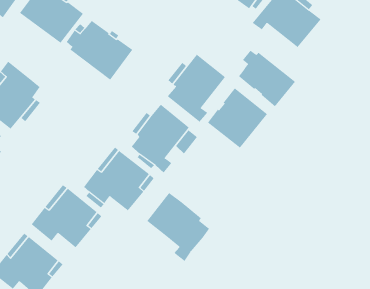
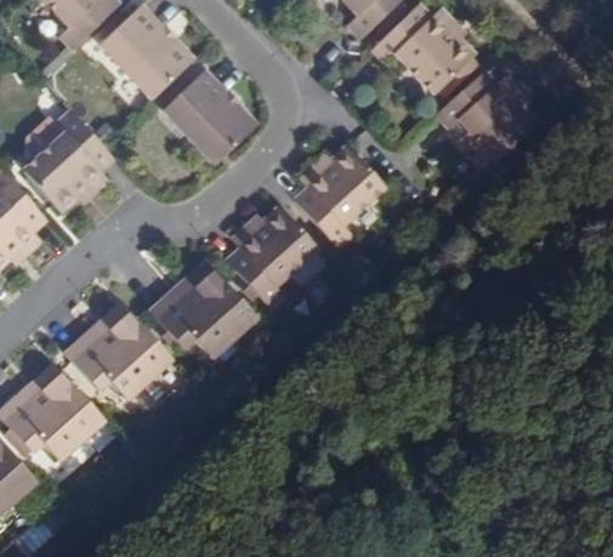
building: [238,50,296,107] -> none
building: [207,88,268,148] -> none
building: [147,192,210,262] -> none

